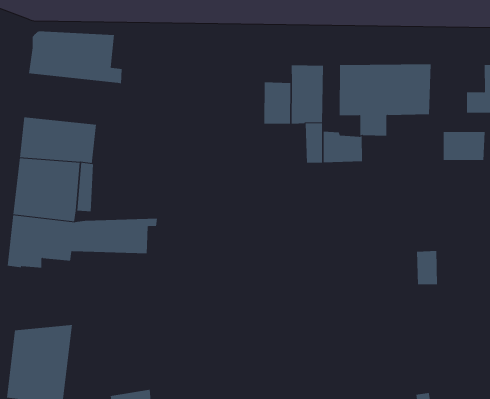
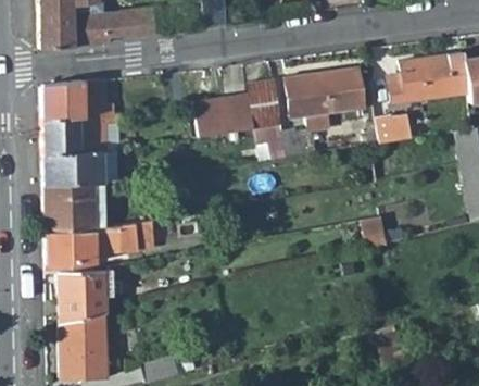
building: none -> [42,116,114,153]
building: none -> [198,99,234,137]
building: none -> [59,270,105,323]

